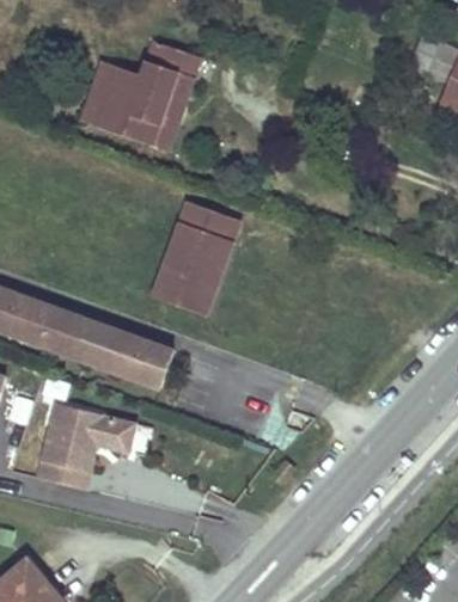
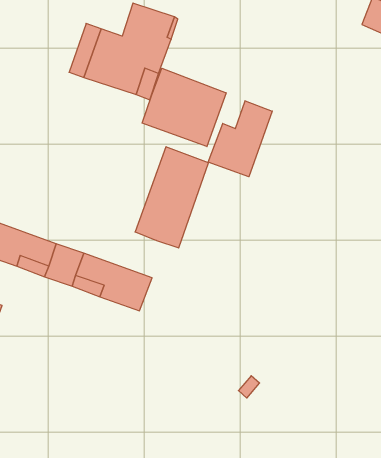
building: none -> [142,68,226,147]
building: none -> [208,101,272,177]
building: [32,407,135,490] -> none

